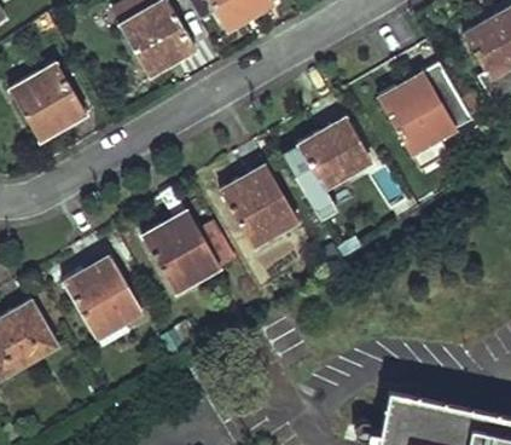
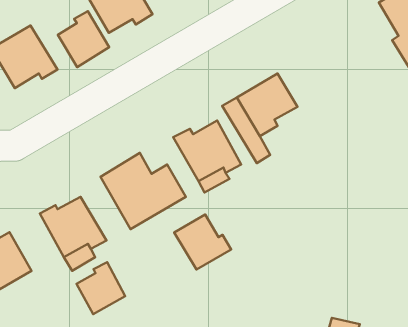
building: none -> [58,11,109,67]
building: [373,63,470,173] -> none
building: none -> [174,214,231,269]
building: none -> [77,262,125,314]

